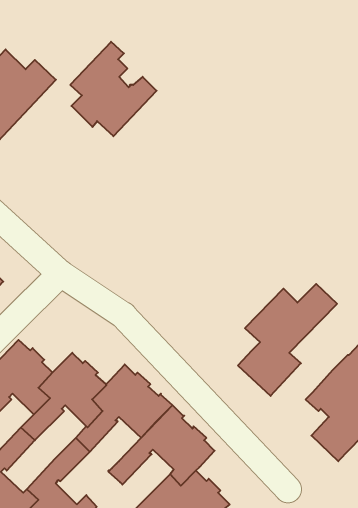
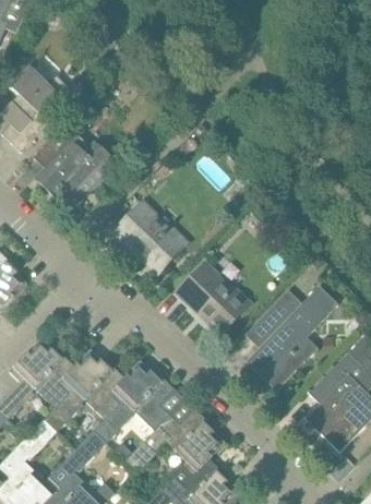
building: [70,42,157,136] -> [34,118,115,206]
building: none -> [112,202,188,274]
building: none -> [175,263,250,335]

